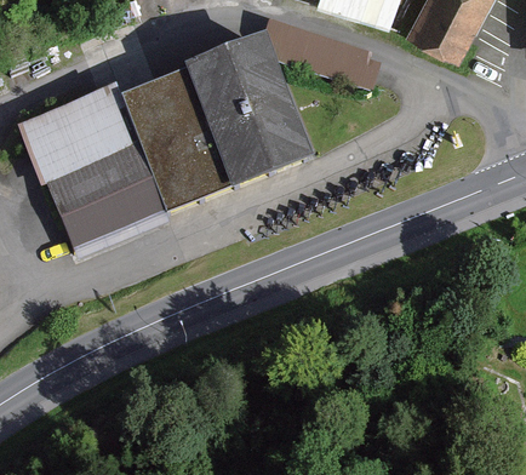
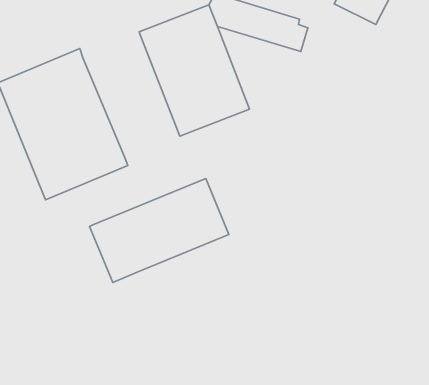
building: [120,67,233,208] -> none
building: none -> [90,178,229,282]

